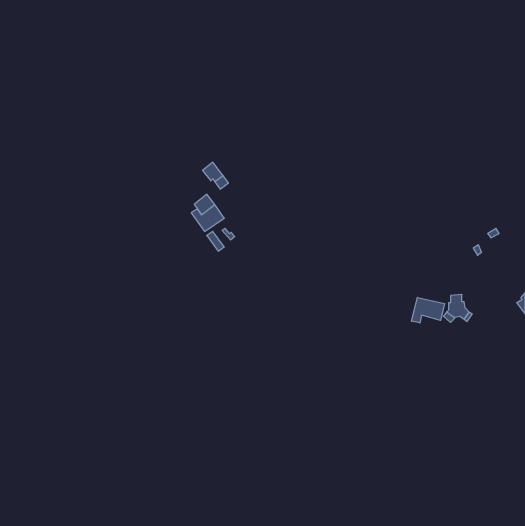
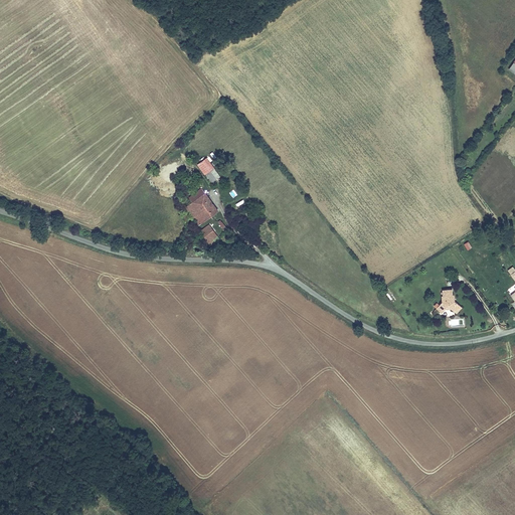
building: [411,297,444,323] -> none

